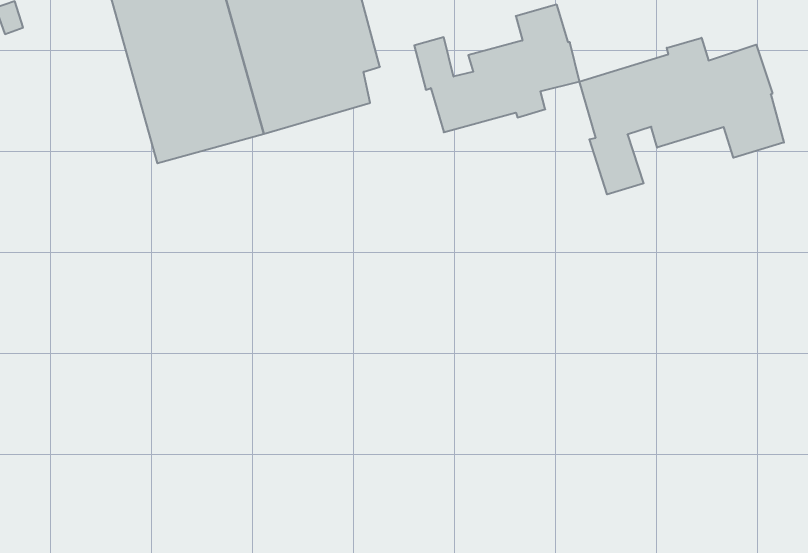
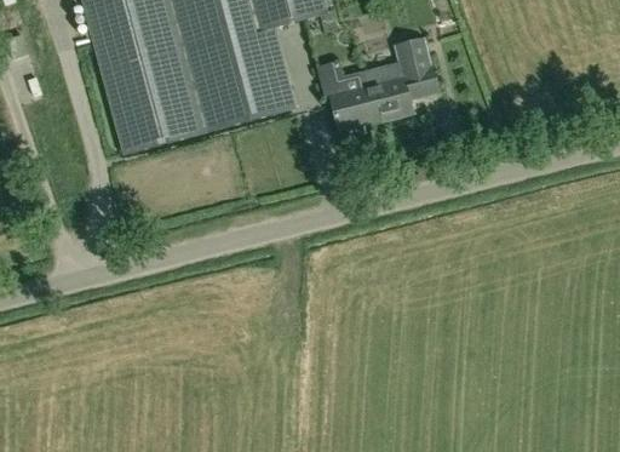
building: [580,38,784,194] -> none

